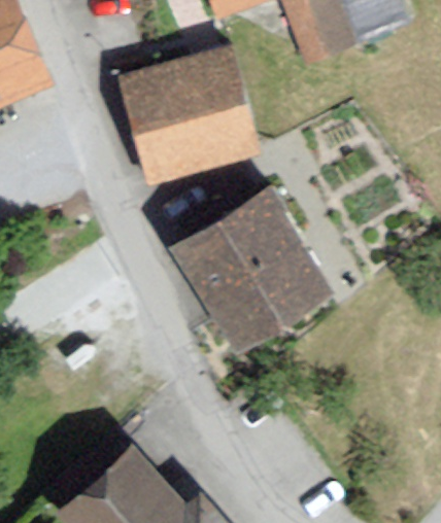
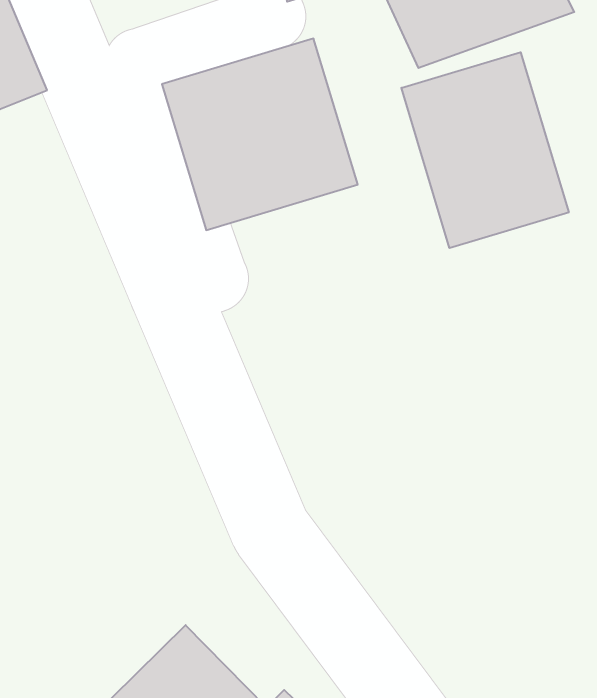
building: none -> [401,52,569,248]
building: [179,194,323,335] -> none

